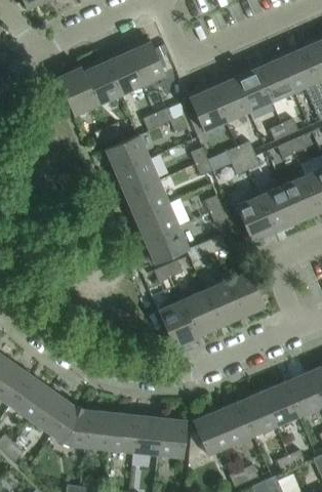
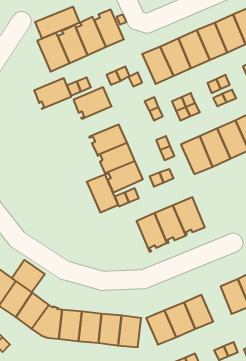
building: none -> [35,7,79,39]
building: [113,159,159,197] -> [34,78,71,109]
building: [158,301,197,348] -> [87,174,118,212]
building: none -> [12,260,45,292]
building: [261,382,298,425] -> none

